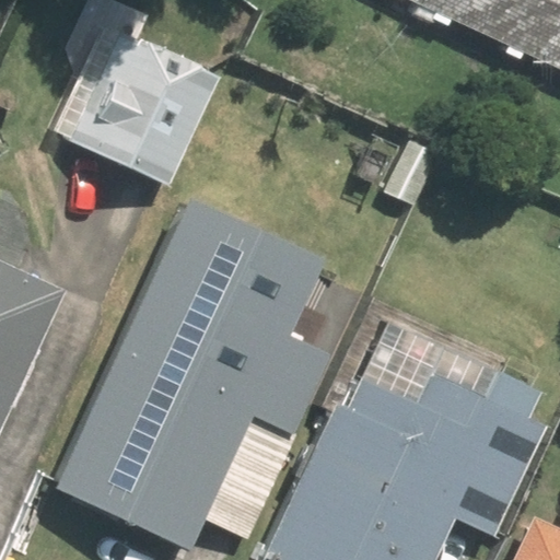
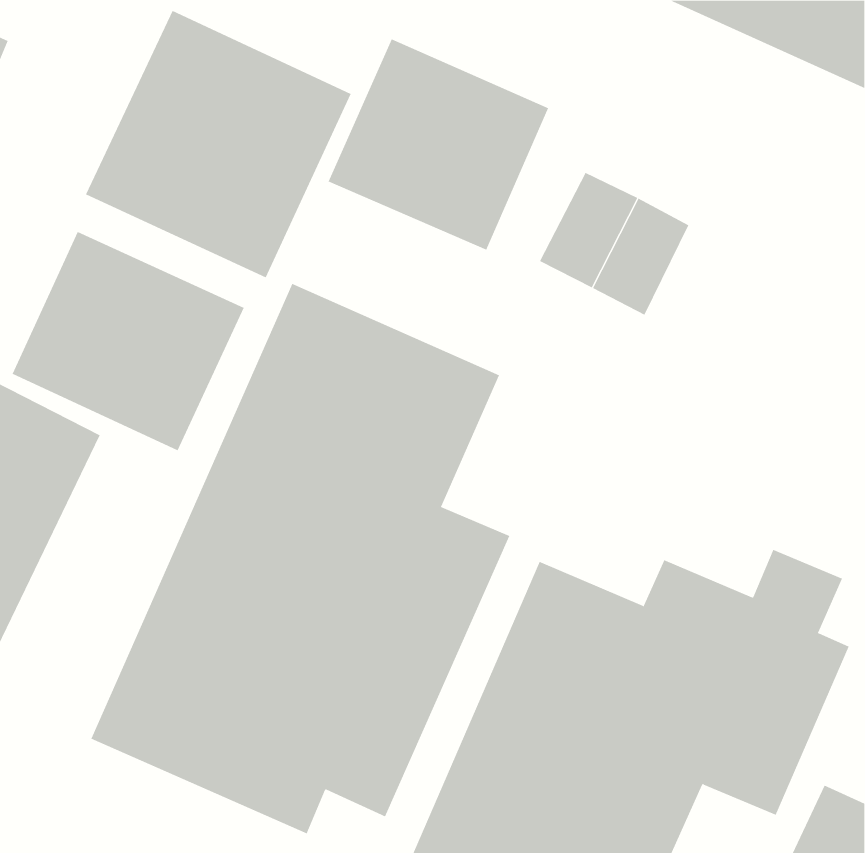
building: none -> [328,38,549,251]
building: none -> [12,231,245,451]

